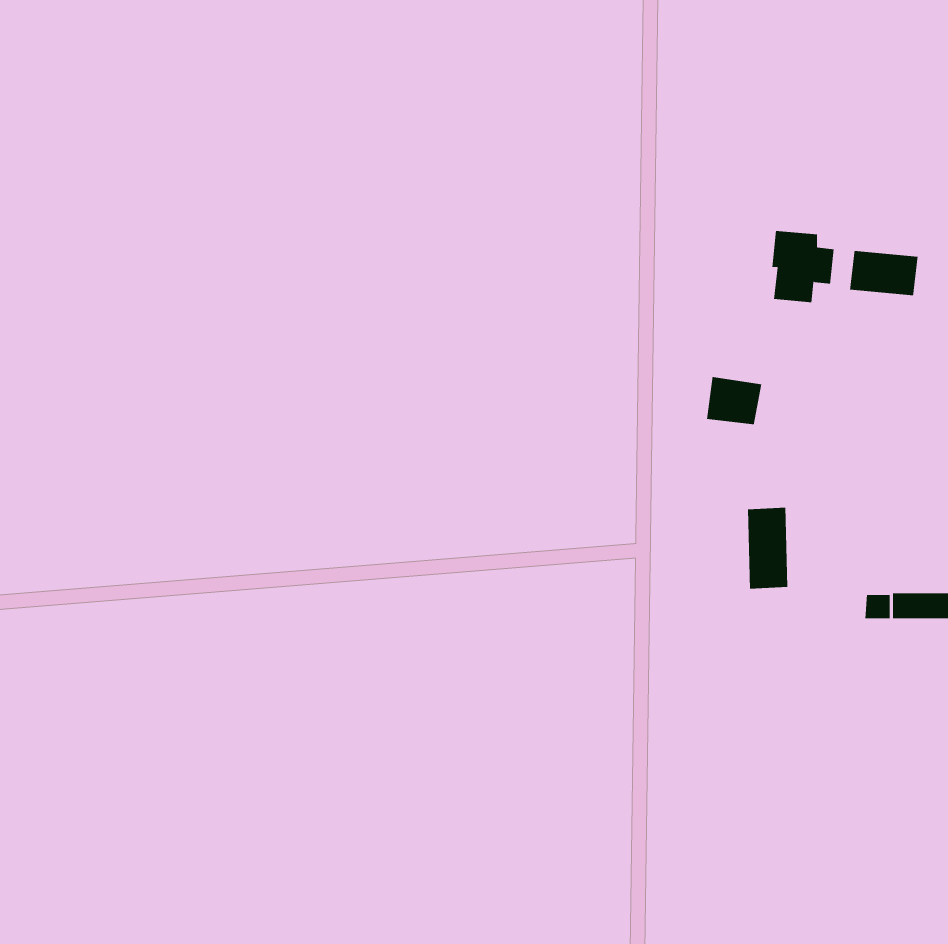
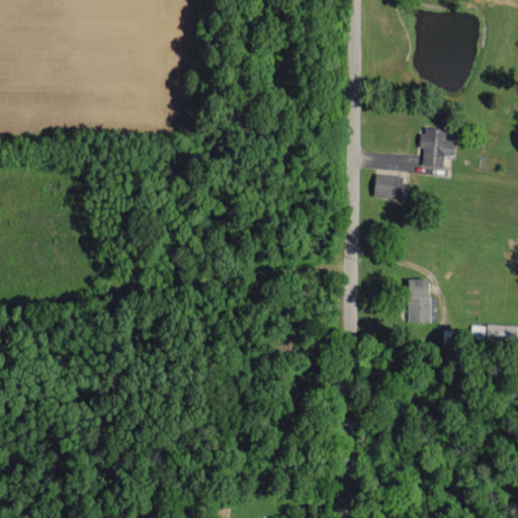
building: [850,250,918,296] -> none
building: [706,377,762,425] -> [373,174,404,200]

